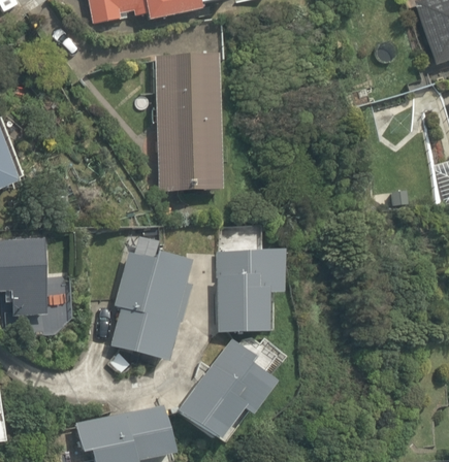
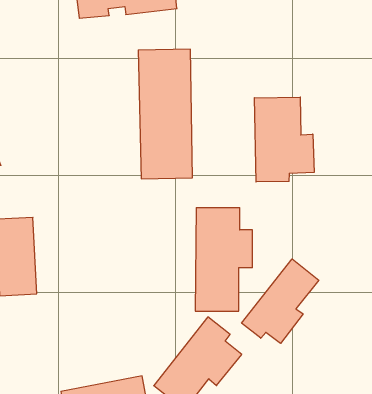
building: none -> [254,97,314,182]
building: [116,246,194,357] -> none
building: none -> [242,259,319,343]

